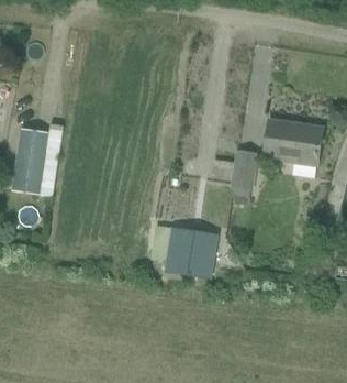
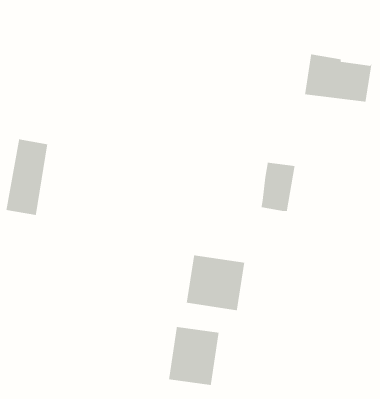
building: [264,120,322,162] -> [304,54,372,102]
building: none -> [168,326,219,386]

